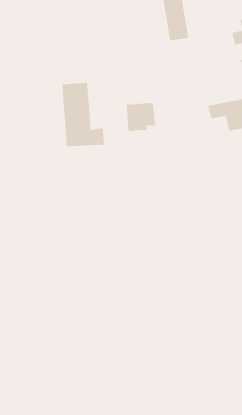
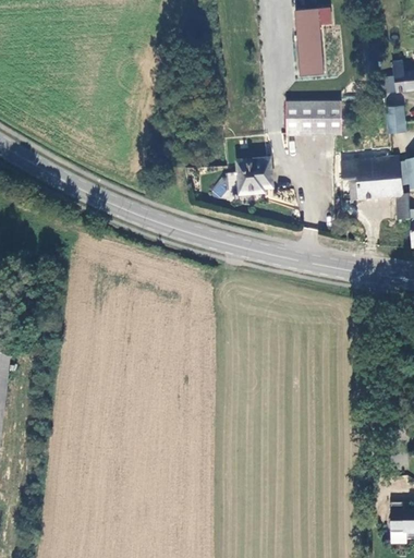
building: none -> [280,101,334,136]
building: [62,82,105,147] -> none

